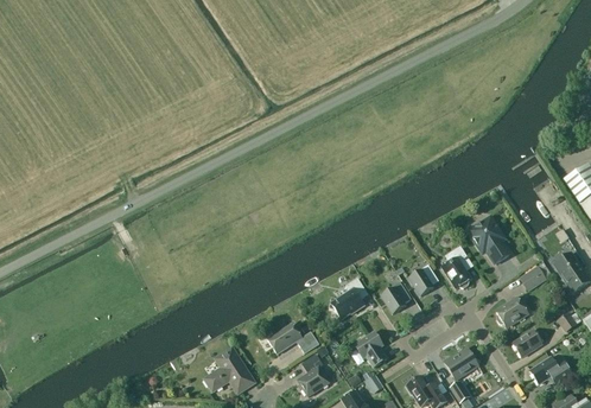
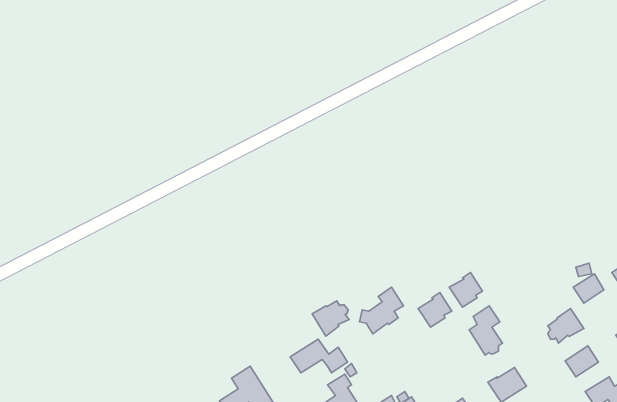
building: [470,218,509,263] -> none
building: [443,246,472,289] -> [469,306,503,355]
building: none -> [312,301,349,336]
building: [355,332,388,368] -> none

